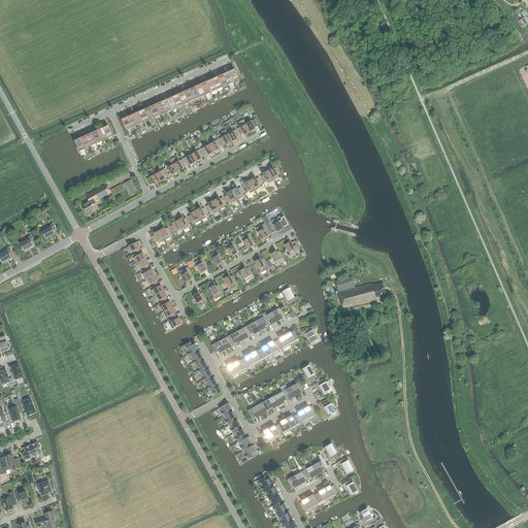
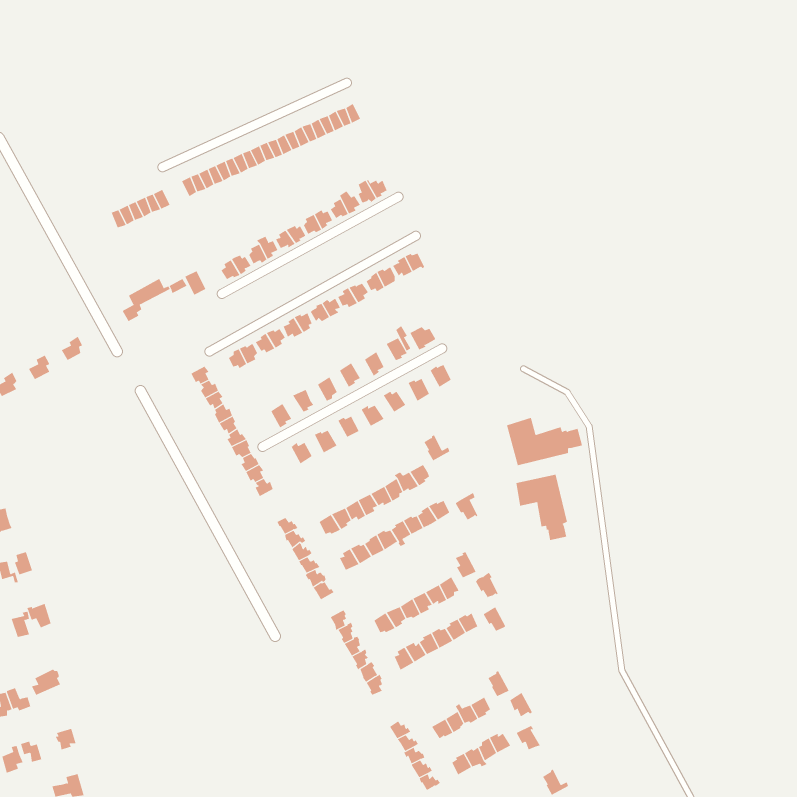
building: none -> [516,474,568,541]

